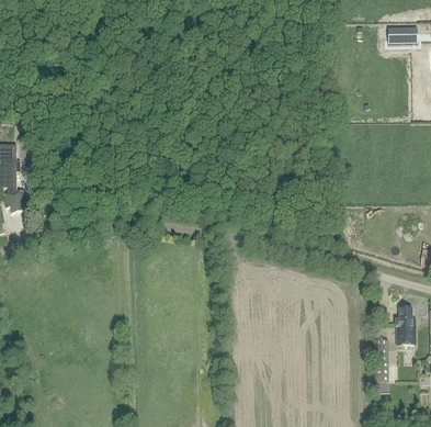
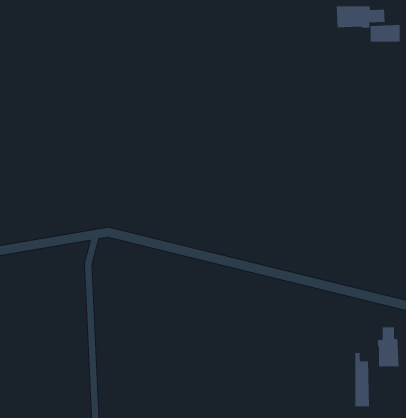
building: none -> [336,6,385,28]

